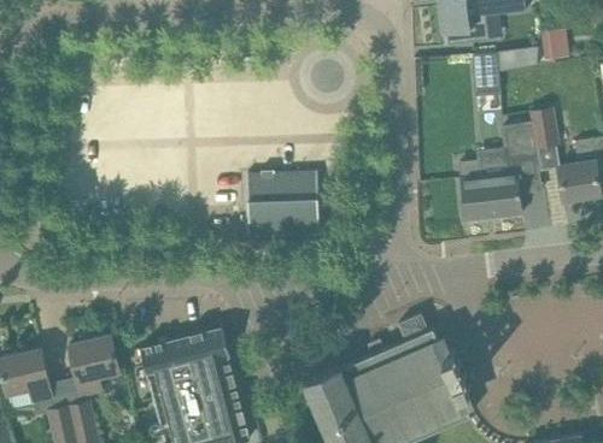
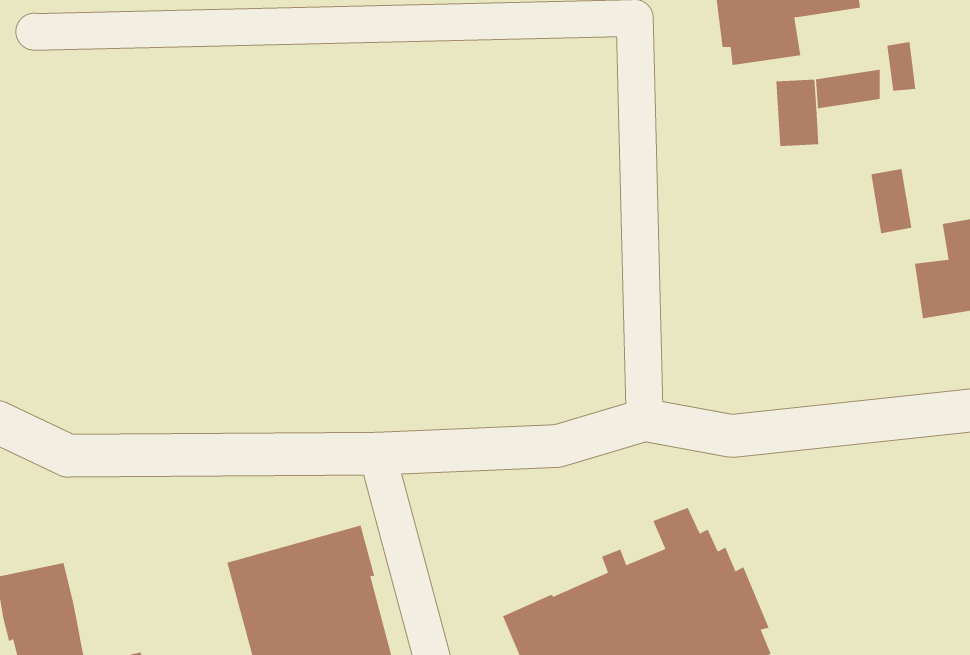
building: [499,123,537,167] -> none
building: [458,160,521,222] -> none
building: [246,172,318,236] -> none
building: [68,335,119,396] -> none

